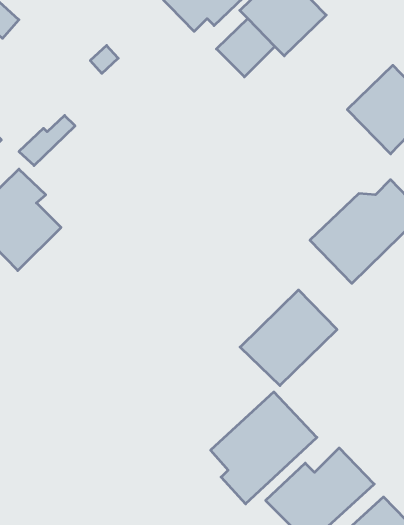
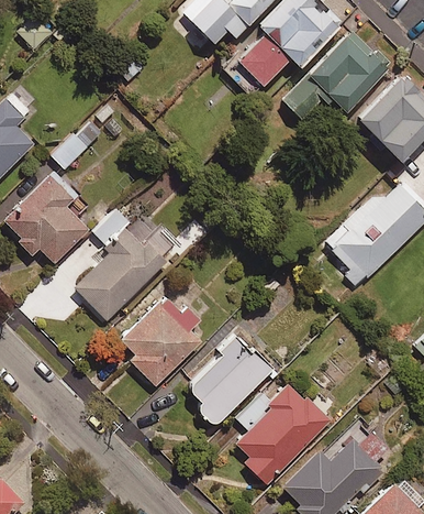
building: none -> [282,32,389,120]
building: none -> [66,223,164,320]
building: [240,290,337,386] -> [179,332,270,423]
building: none -> [116,293,208,383]

